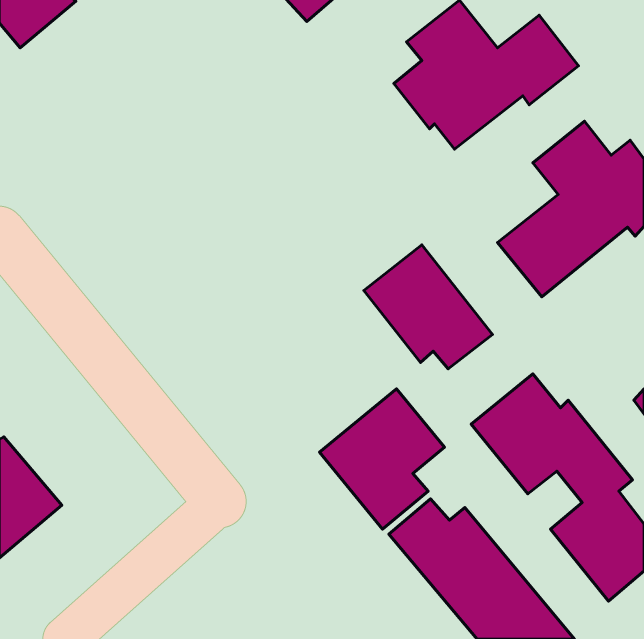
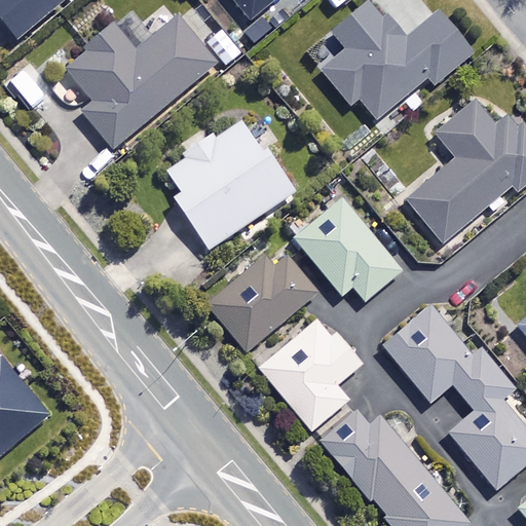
building: none -> [65,14,219,152]
building: none -> [165,118,293,250]
building: none -> [209,250,329,350]

